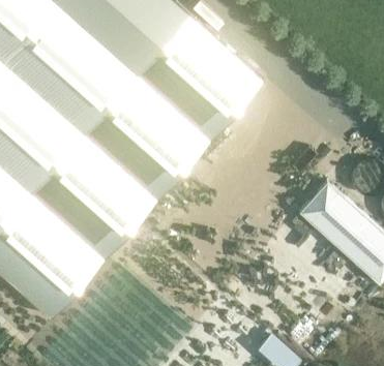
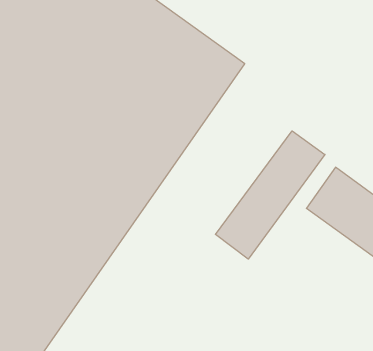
building: none -> [215,131,325,259]

